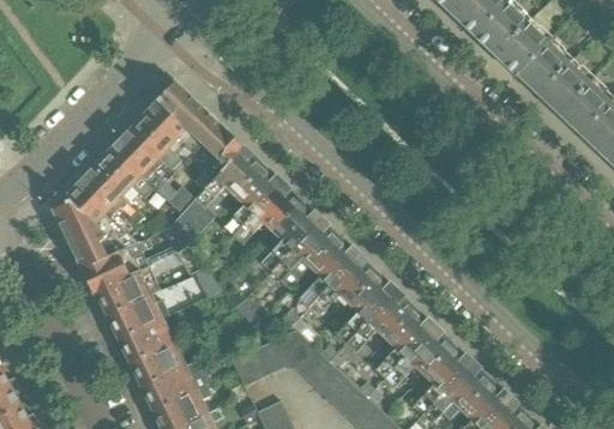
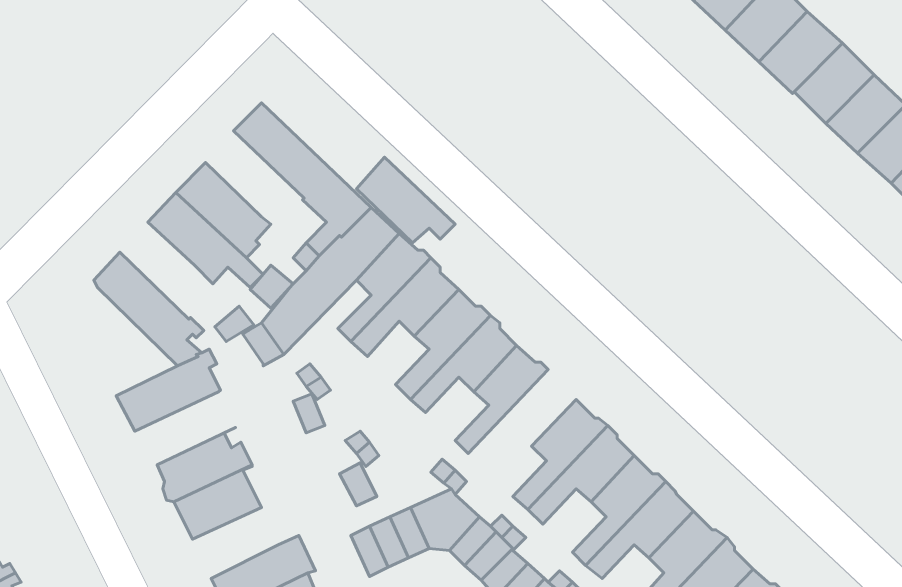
building: [139,99,203,155] -> [356,157,455,243]
building: [84,158,144,224] -> none
building: [53,200,121,270] -> none
building: [308,253,378,316] -> none
building: [94,267,158,314] -> none
building: [131,342,186,387] -> none

